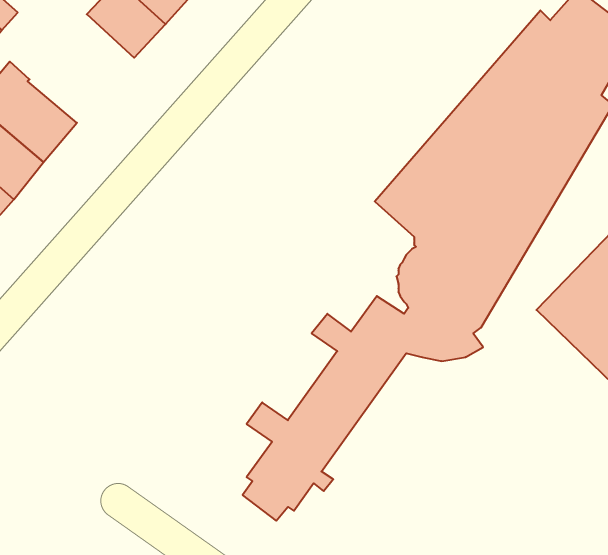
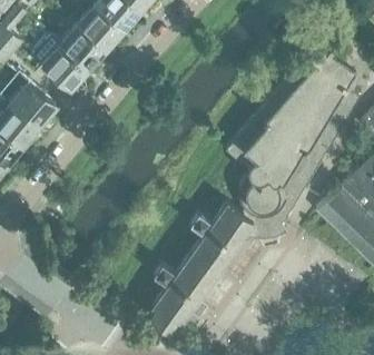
building: none -> [45,43,89,88]

